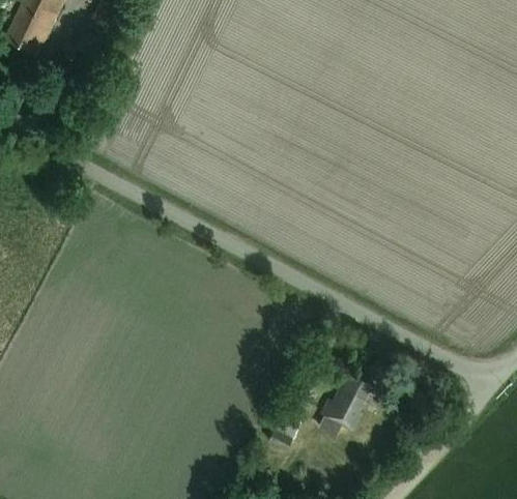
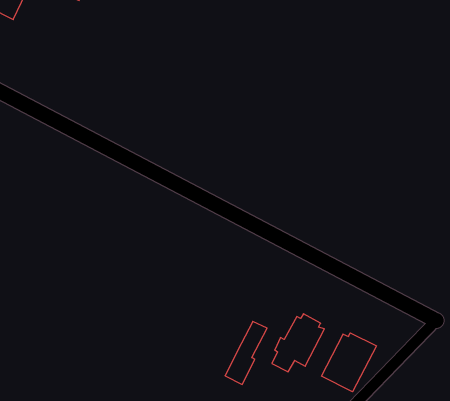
building: none -> [322,333,376,392]

